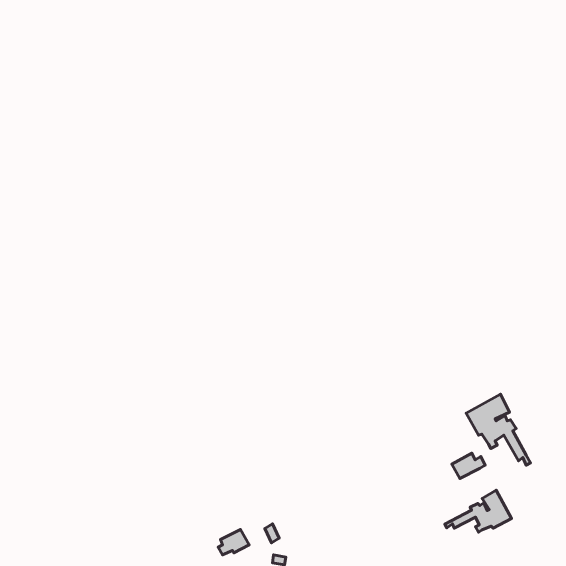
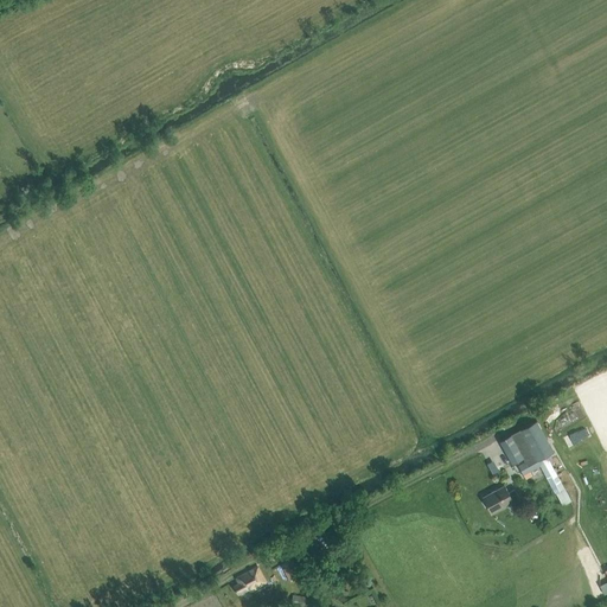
building: [445,490,511,532] -> none

